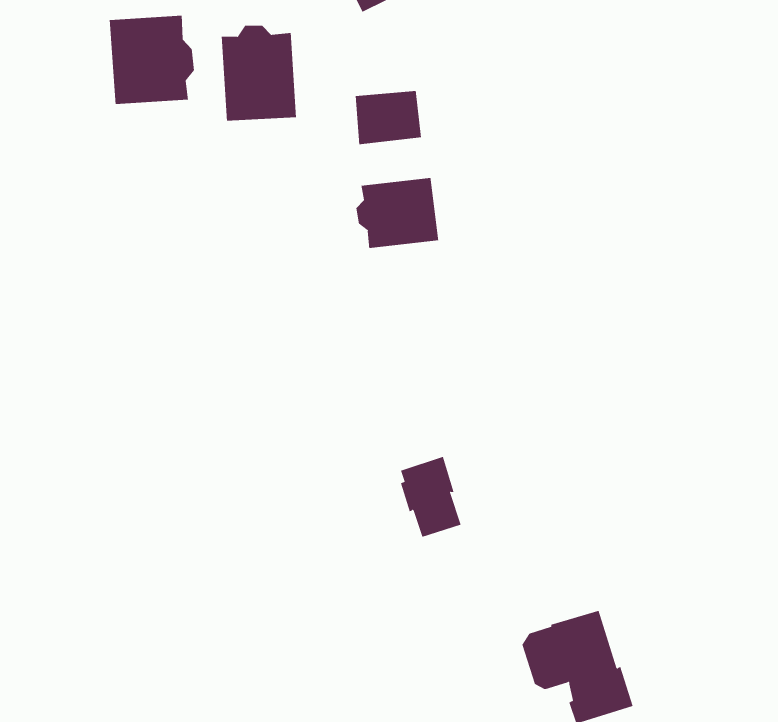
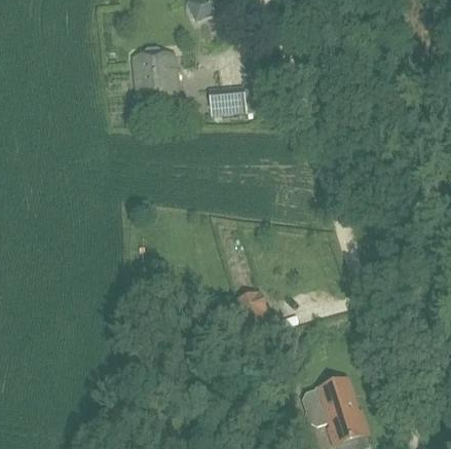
building: [109,15,195,105] -> none
building: [356,177,439,249] -> none

